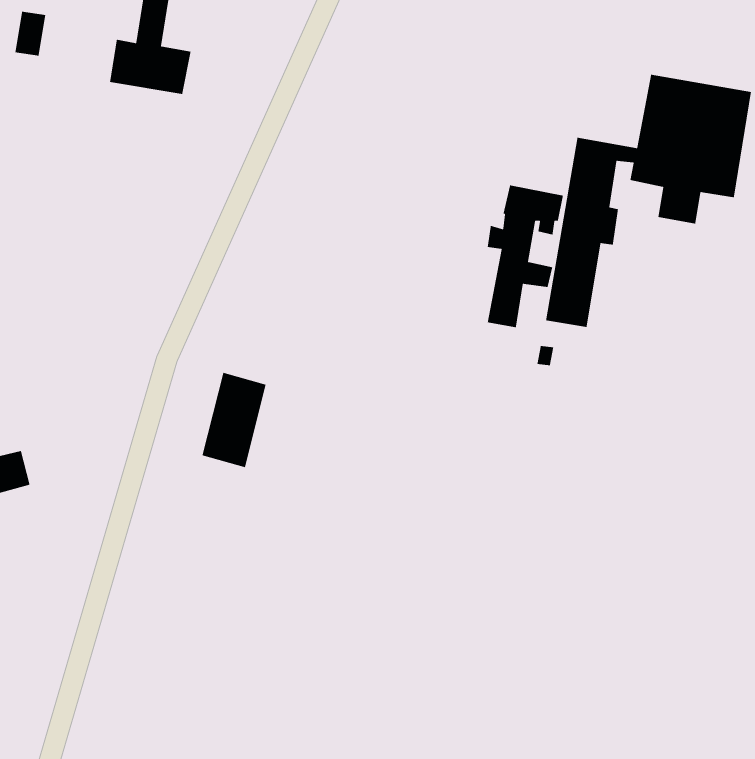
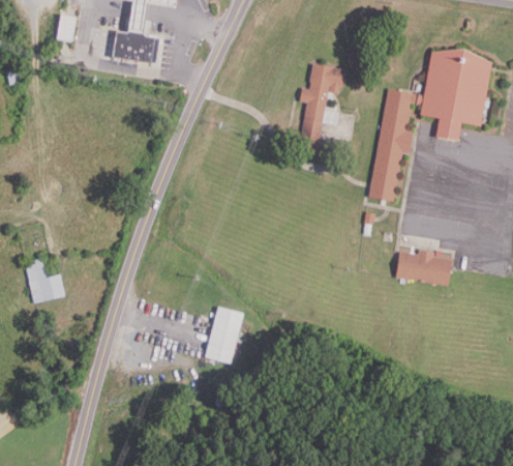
building: [487,185,564,328] -> [300,64,345,149]
building: [202,372,266,468] -> [205,304,243,361]
building: none -> [396,250,452,286]

